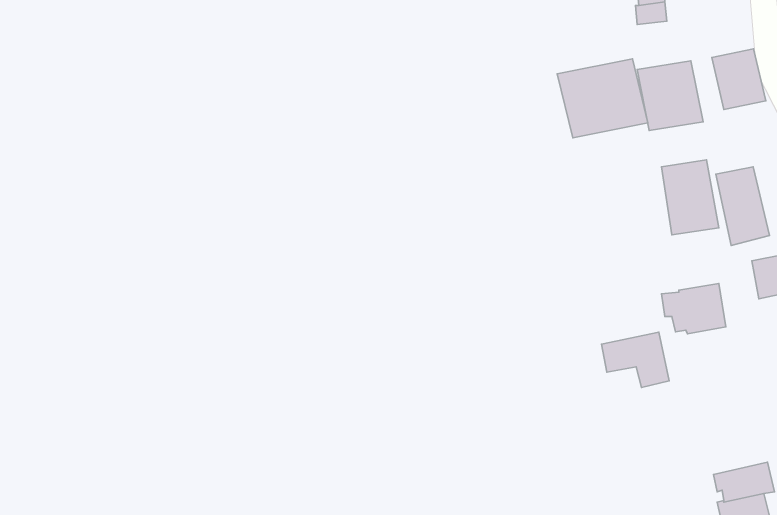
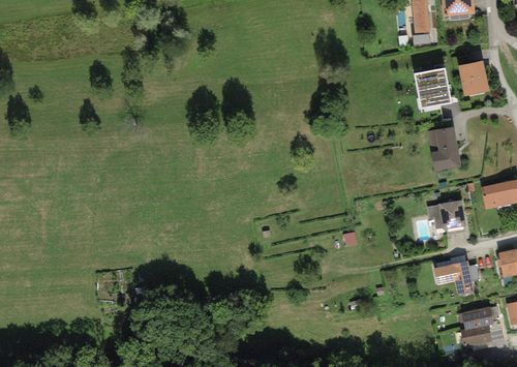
building: [557,59,648,138] -> none
building: [716,167,770,245] -> none
building: [602,332,669,388] -> [433,261,474,294]

